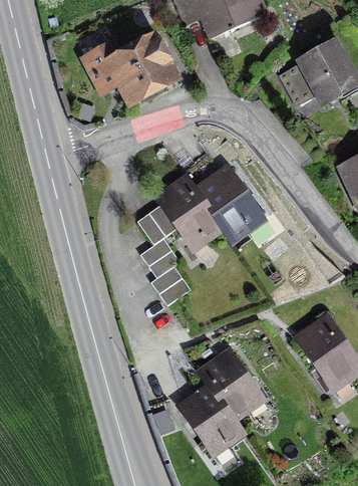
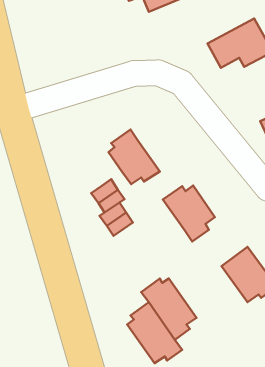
building: [85,36,169,96] -> none
building: [196,172,258,239] -> [163,185,215,241]
building: [136,203,176,243] -> none

